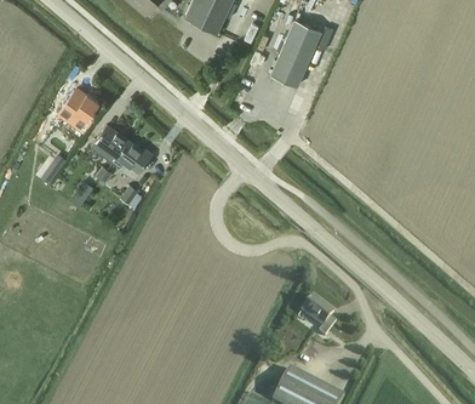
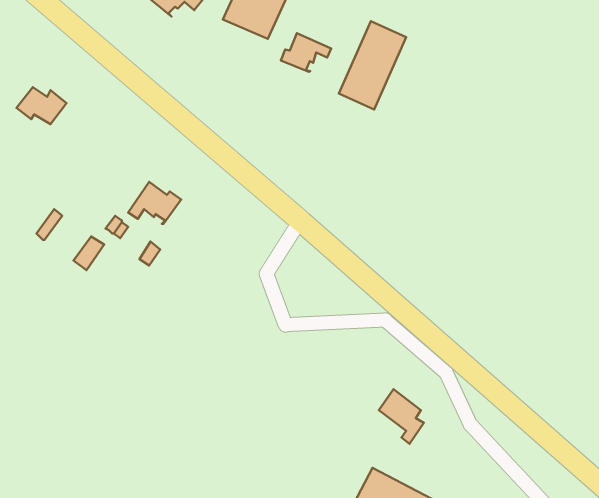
building: none -> [281,33,331,72]
building: [61,93,98,121] -> [17,87,66,124]
building: [90,127,127,166] -> none

